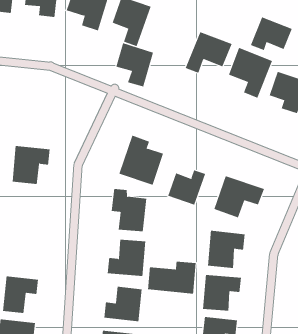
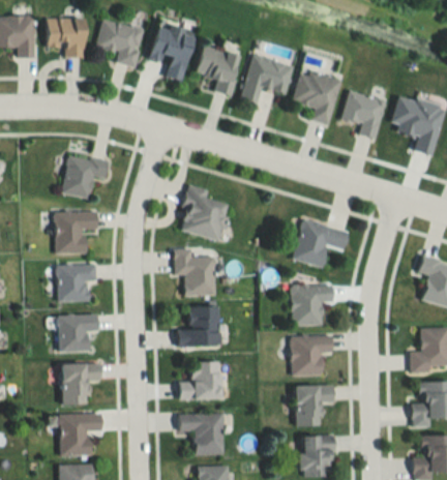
building: [250,16,292,51] -> none
building: [115,43,154,87] -> [198,48,240,96]
building: none -> [62,154,109,199]
building: [167,170,206,206] -> none
building: none -> [56,263,96,302]
building: none -> [58,314,97,353]
building: [147,261,196,295] -> none

